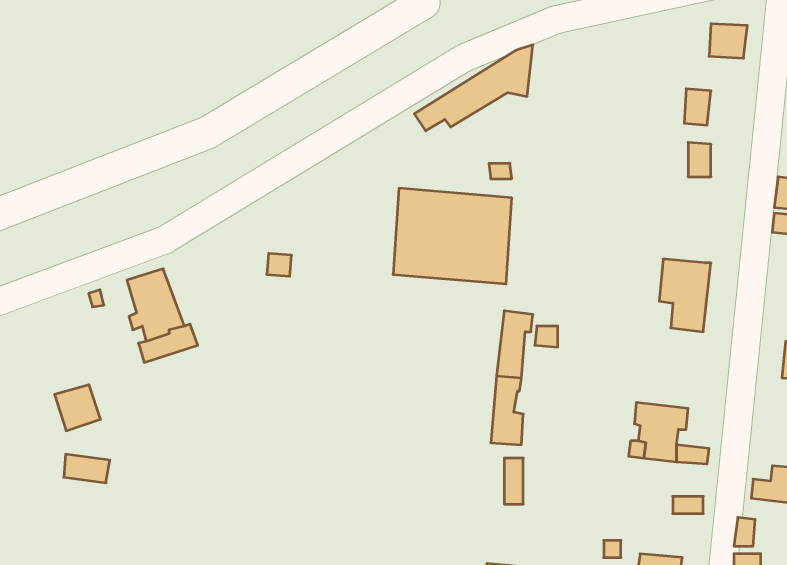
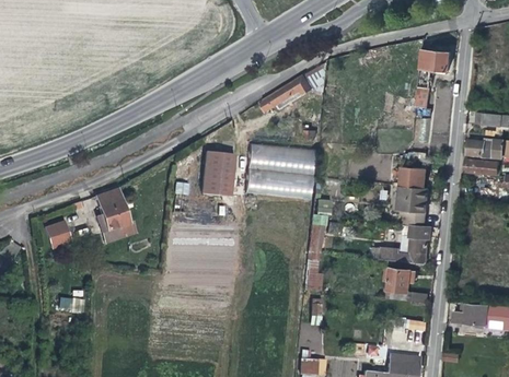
building: none -> [200,152,233,197]
building: none -> [403,166,427,187]
building: none -> [379,224,430,263]
building: [55,385,101,431] -> [45,222,71,248]

